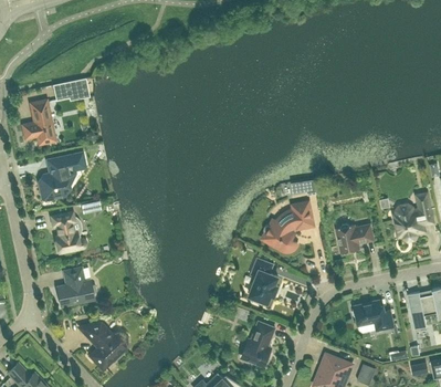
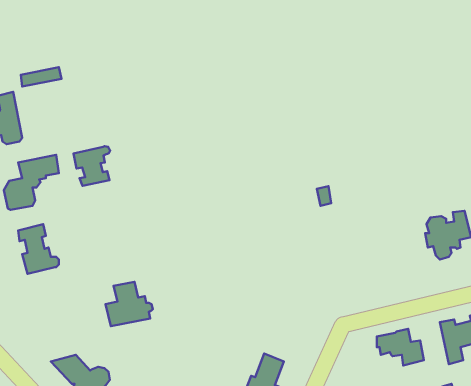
building: none -> [73,146,110,186]
building: [263,202,313,250] -> none
building: [336,223,374,252] -> none
building: [249,259,277,304] -> none
building: [56,268,96,305] -> [106,282,153,326]

